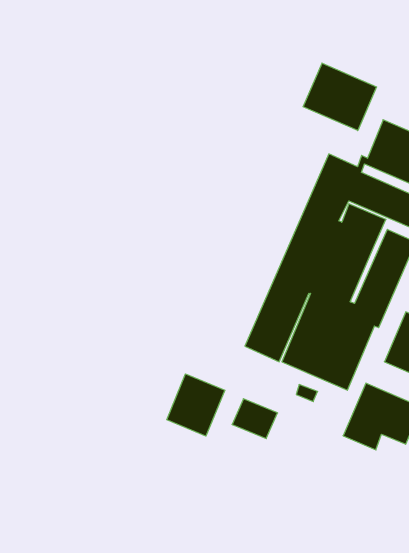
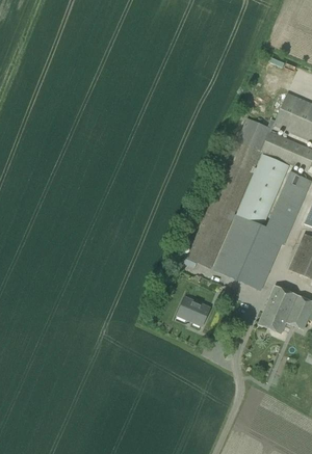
building: [303,63,377,131] -> none
building: [167,374,225,436] -> none

